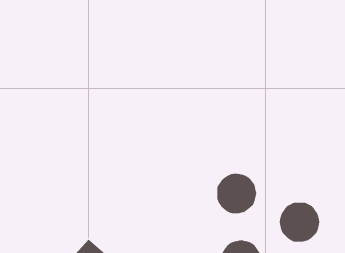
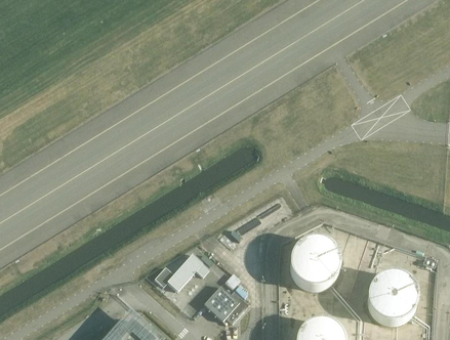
building: none -> [155,253,209,290]
building: none -> [204,285,249,322]

